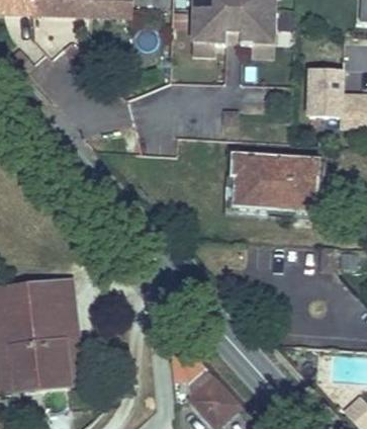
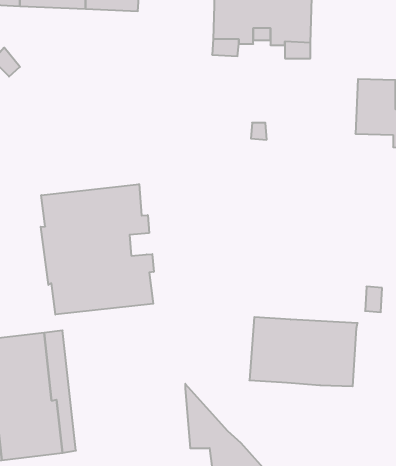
building: [230,151,319,208] -> [249,317,358,386]
building: none -> [41,184,154,315]

